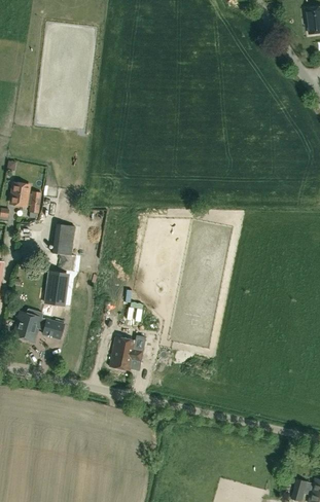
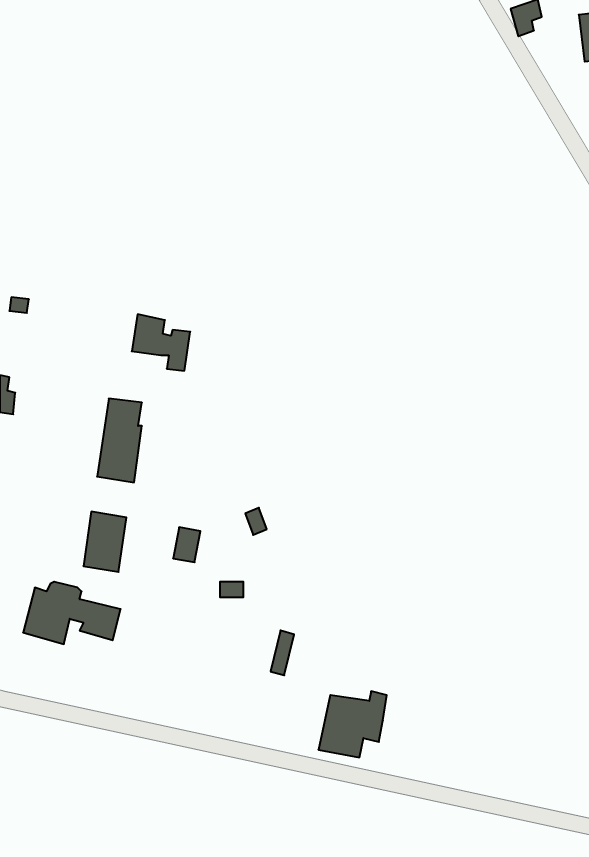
building: [10,183,41,213] -> [132,314,190,371]
building: [108,335,144,370] -> [318,691,387,757]

